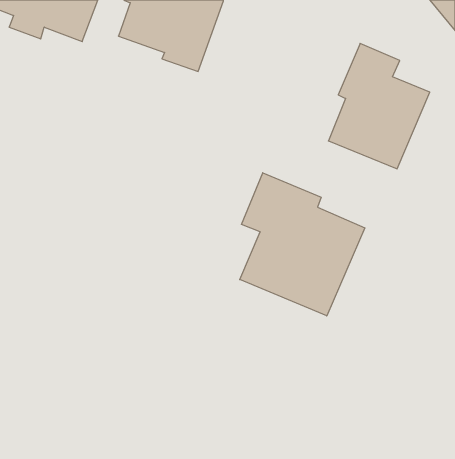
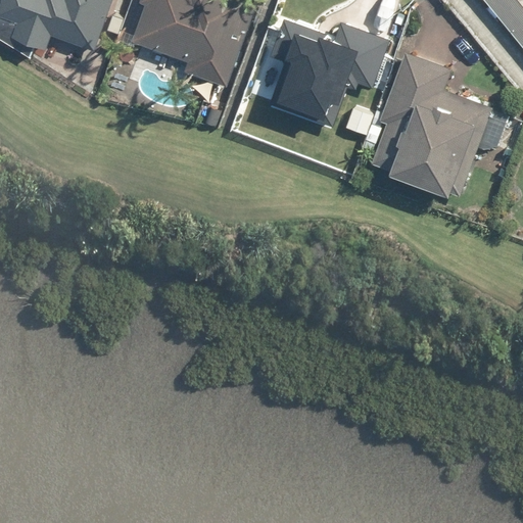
building: none -> [271,17,387,127]
building: [240,173,365,316] -> none

